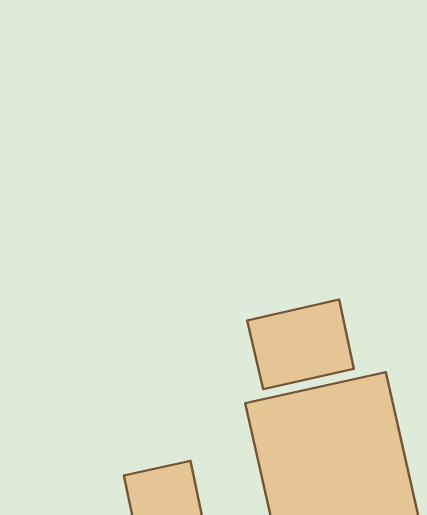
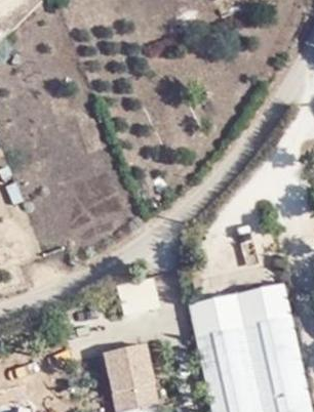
building: [247,300,354,389] -> none

